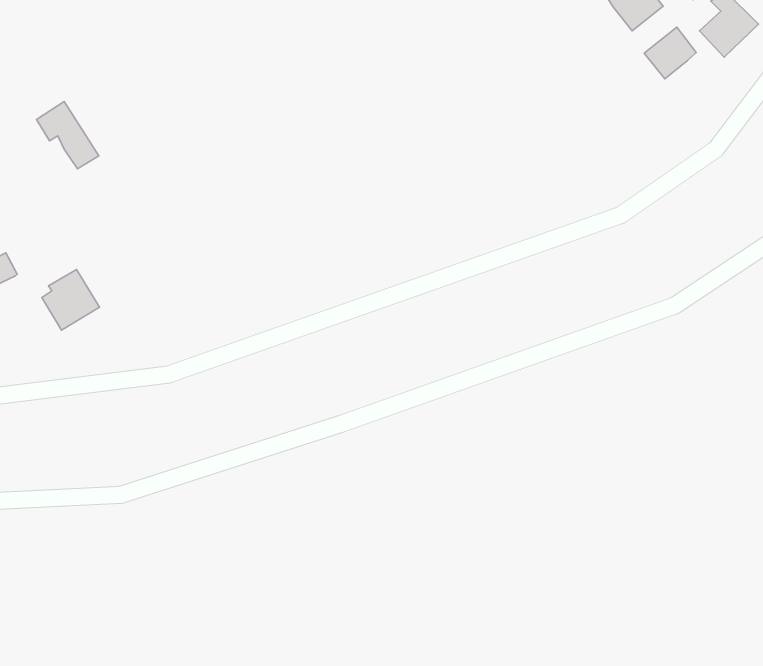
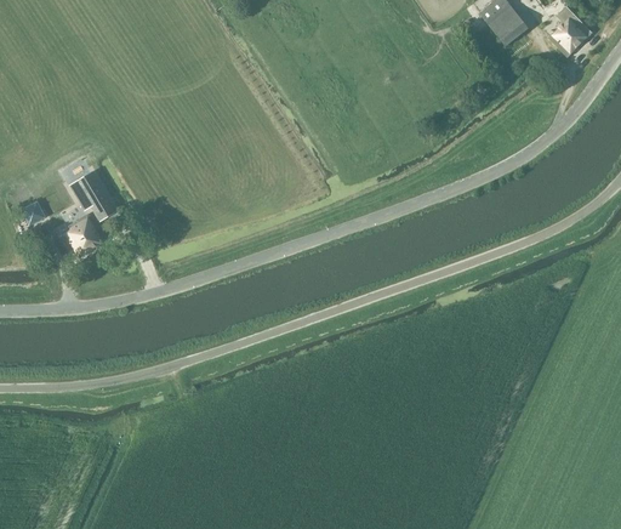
building: [644,27,696,79] -> none
building: [36,101,99,169] -> [69,172,115,222]

